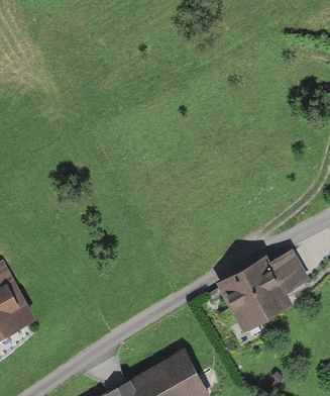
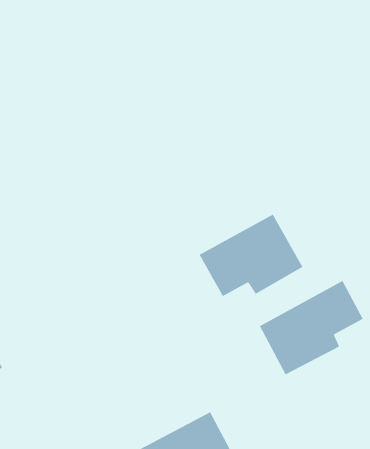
building: none -> [199,214,304,297]

